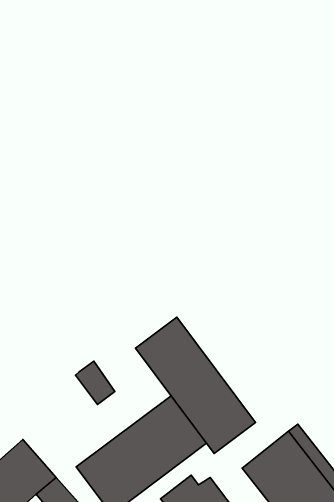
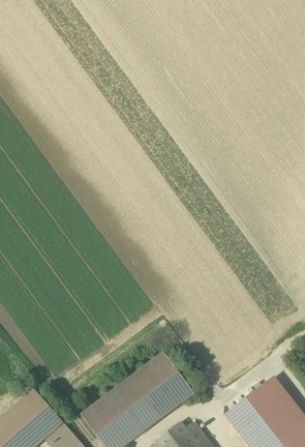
building: [136,317,255,453] -> none
building: [75,361,115,404] -> none

